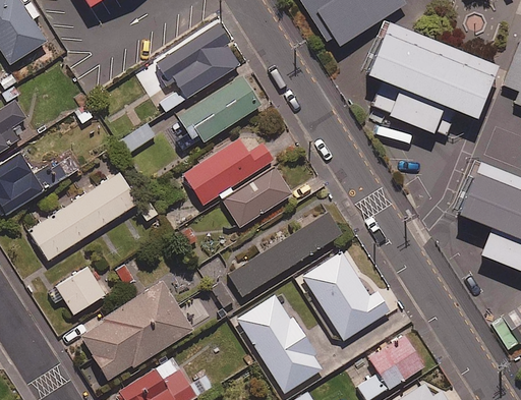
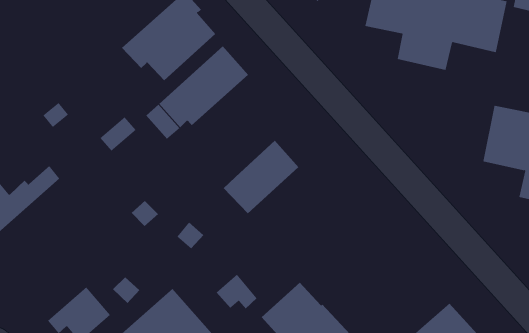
building: [183,137,275,205] -> none
building: [27,172,137,261] -> none
building: [230,213,342,295] -> none
building: [301,251,390,341] -> none

